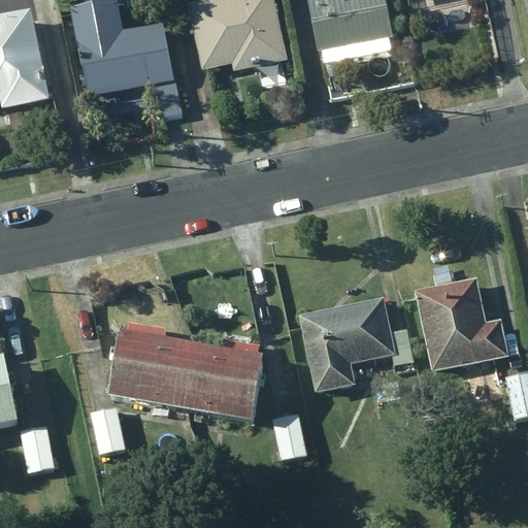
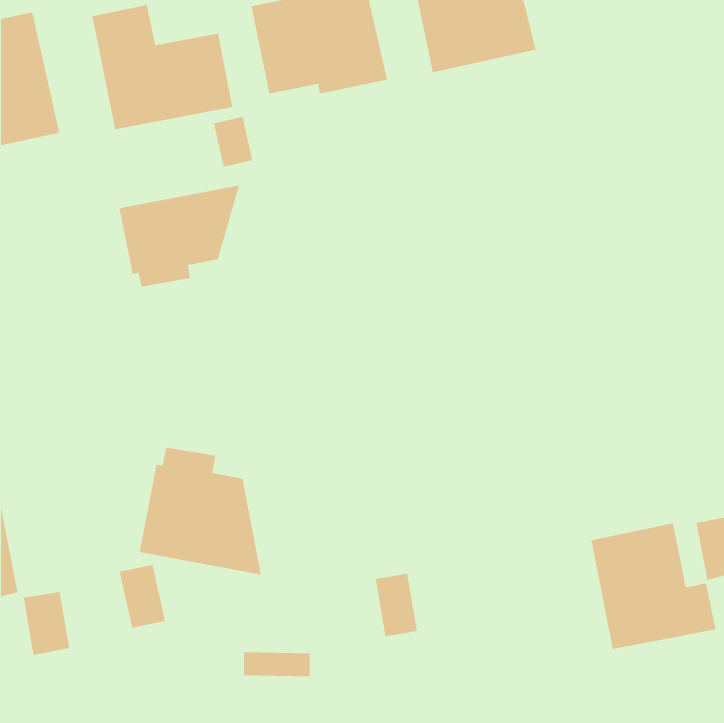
building: none -> [119,184,240,288]
building: [417,278,507,370] -> [591,523,717,650]
building: [300,297,415,392] -> none
building: [180,337,255,423] -> none

